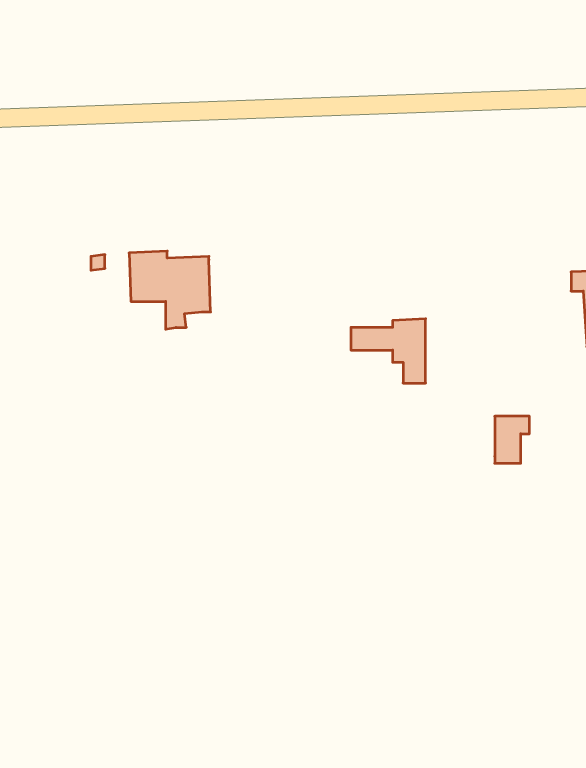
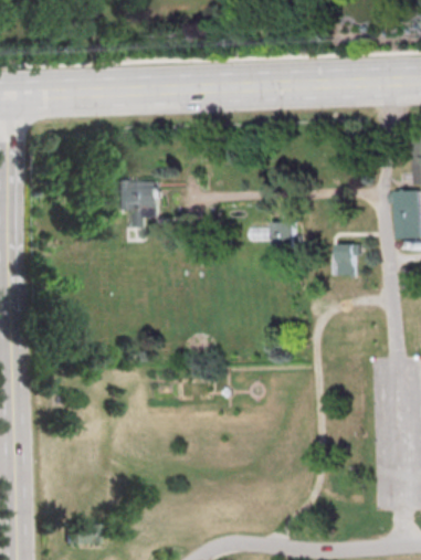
building: [495,416,529,463] -> [337,244,359,274]

